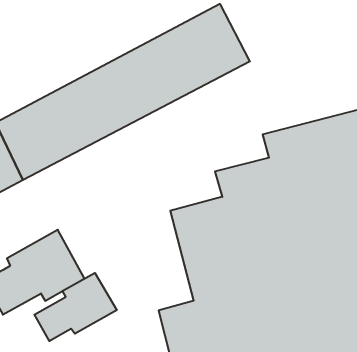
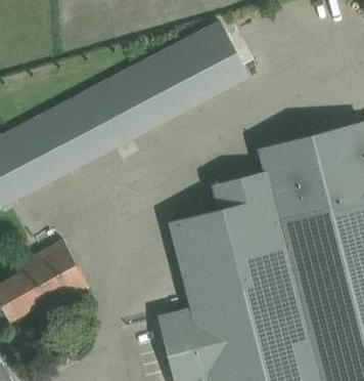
building: [34,273,117,341] -> none

